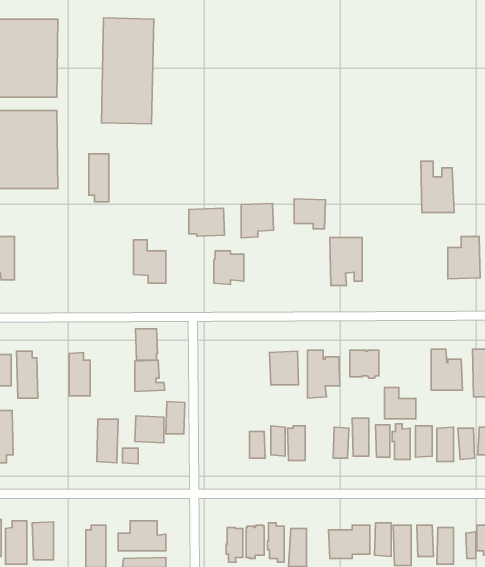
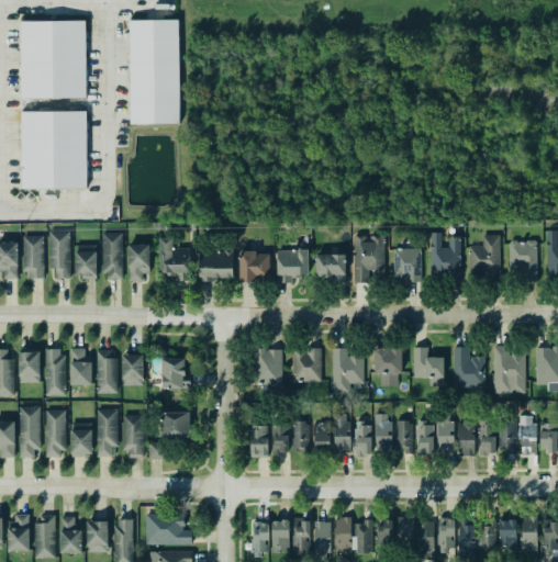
building: [89,154,109,202] -> [102,232,122,279]
building: [421,161,454,212] -> [428,231,461,281]
building: [294,199,326,229] -> [316,254,347,283]
building: [241,203,274,238] -> [278,249,310,283]
building: [189,208,225,236] -> [200,251,235,279]
building: none -> [48,229,69,278]
building: none -> [127,244,148,281]
building: none -> [76,245,98,278]
building: none -> [393,247,421,281]
building: [135,329,158,360] -> [122,353,144,384]
building: none -> [254,348,281,384]
building: none -> [71,349,93,385]
building: [384,387,416,419] -> [413,346,444,376]
building: [166,402,185,434] -> [250,425,269,457]
building: none -> [45,408,66,456]
building: none -> [98,409,119,457]
building: none -> [333,414,350,449]
building: none -> [72,423,93,457]
building: none -> [334,516,351,554]
building: none -> [87,521,110,552]

